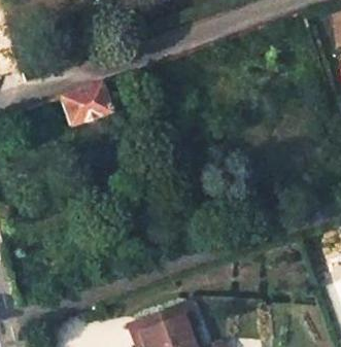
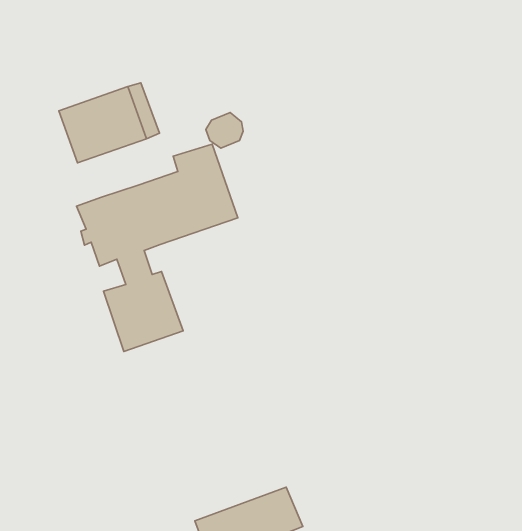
building: none -> [77,144,238,352]

